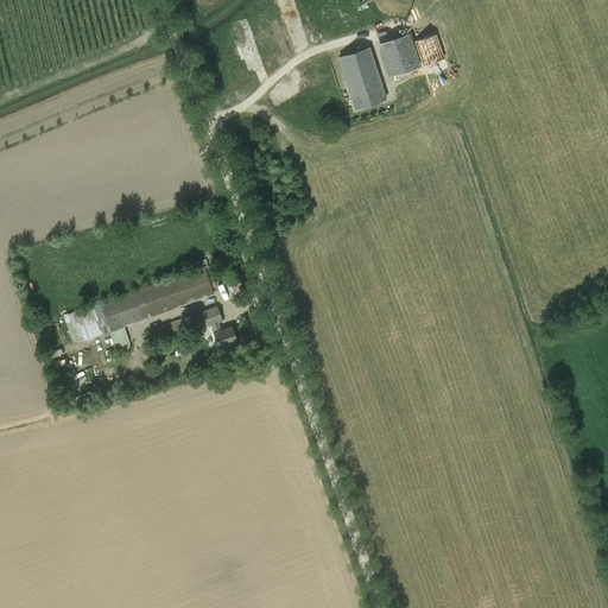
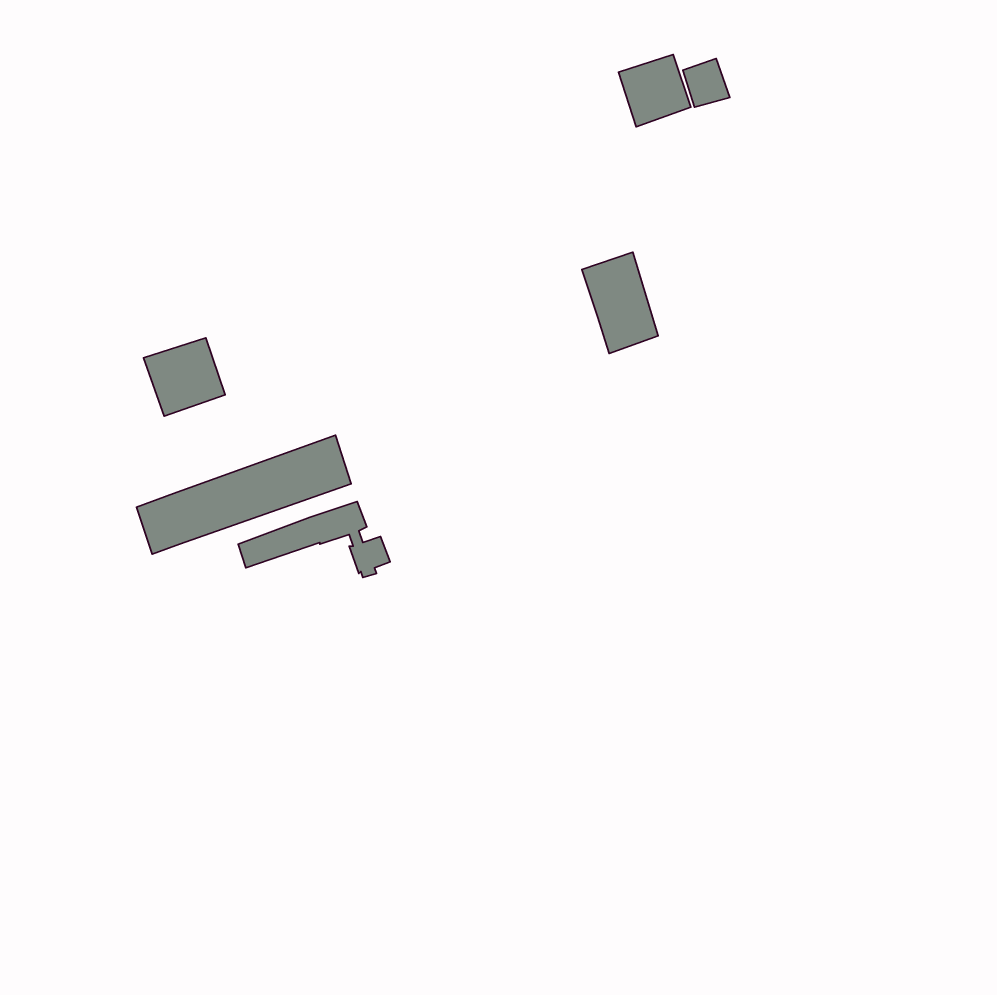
building: [338,49,385,110] -> [582,252,658,354]
building: none -> [143,338,225,416]

